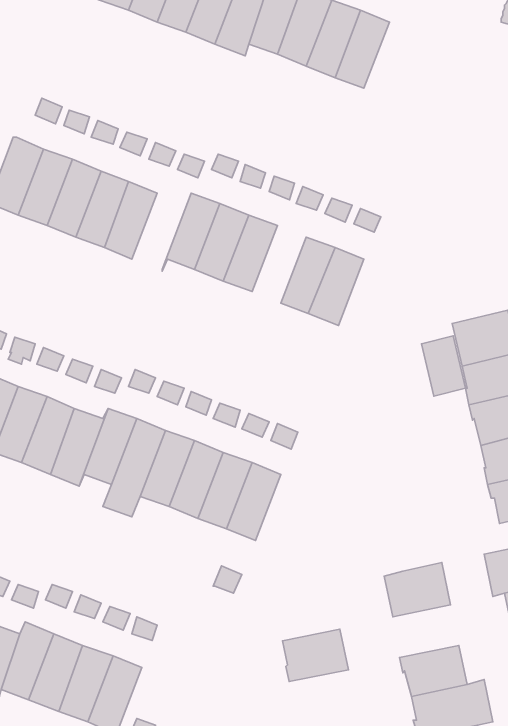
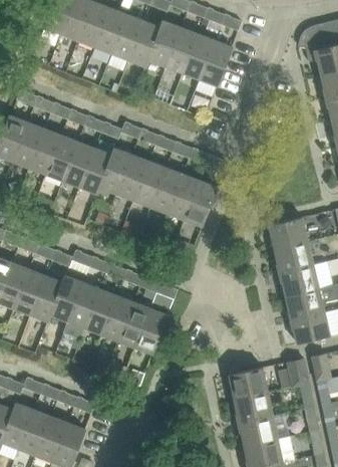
building: none -> [79,147,114,193]
building: none -> [150,167,183,213]
building: [422,336,466,396] -> none
building: [282,629,348,682] -> [234,392,273,423]

